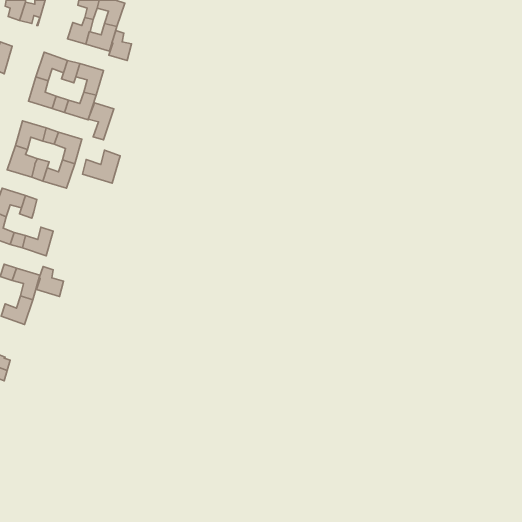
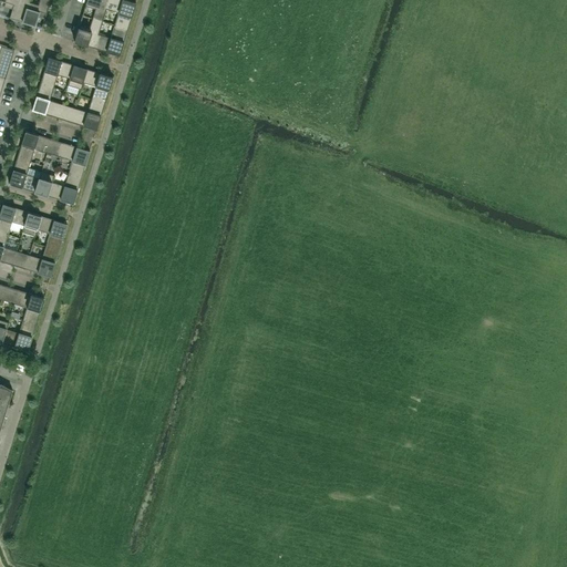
building: [109,31,131,61] -> none
building: [88,103,114,140] -> none
building: [82,150,120,183] -> none
building: none -> [37,217,66,251]
building: [36,267,64,297] -> none

